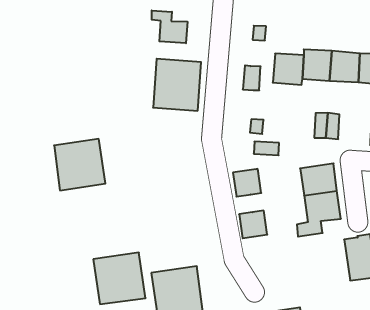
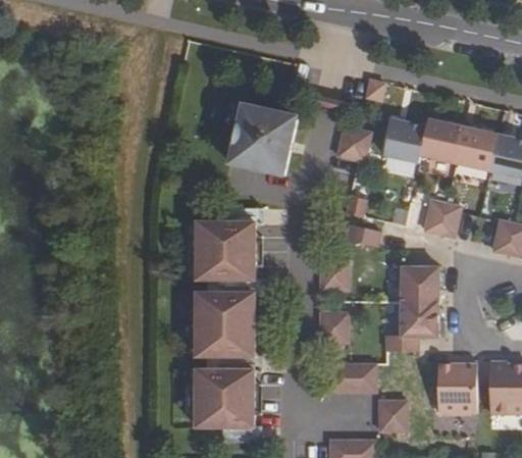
building: [152,10,187,43] -> none
building: [54,139,105,190] -> [196,228,254,286]
building: none -> [330,363,375,392]
building: [93,253,146,304] -> [196,299,254,357]
building: none -> [378,400,406,430]

